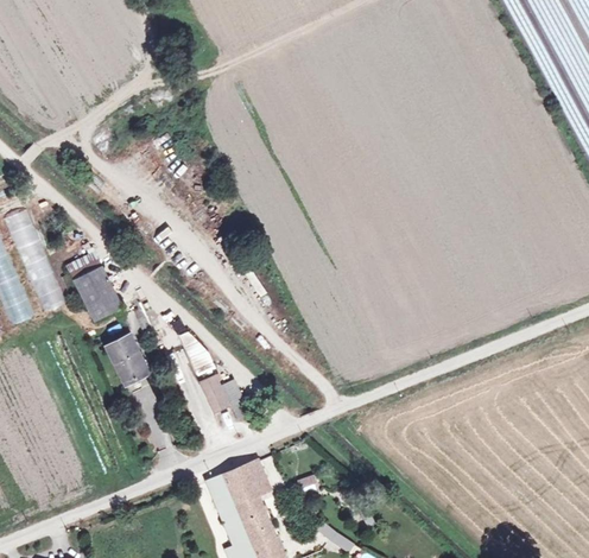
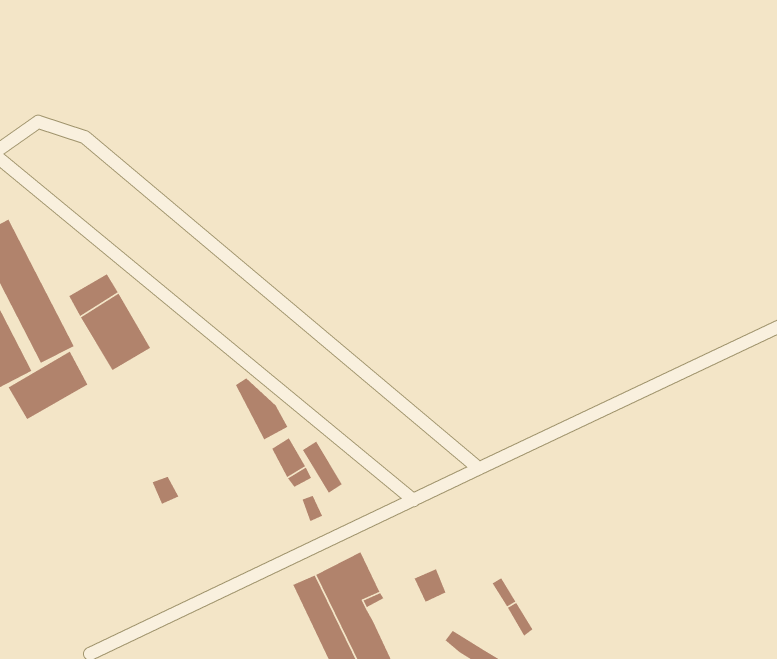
building: none -> [7,350,88,420]
building: [106,336,146,383] -> none

